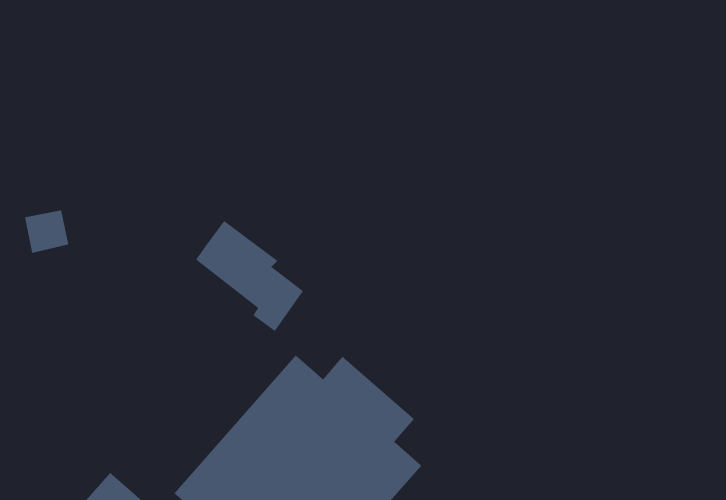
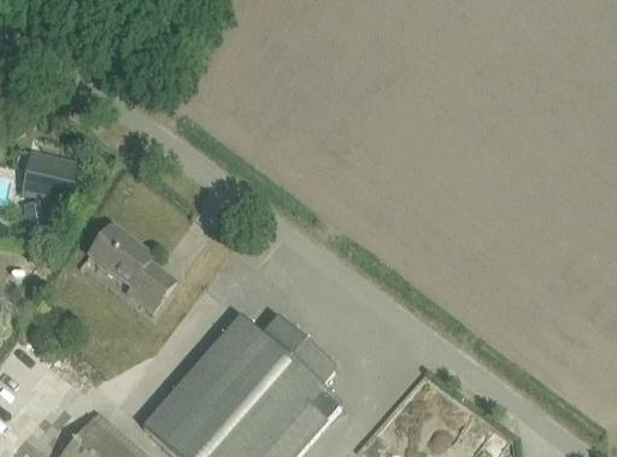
building: none -> [30,156,77,201]
building: [195,220,304,332] -> [88,223,175,312]

